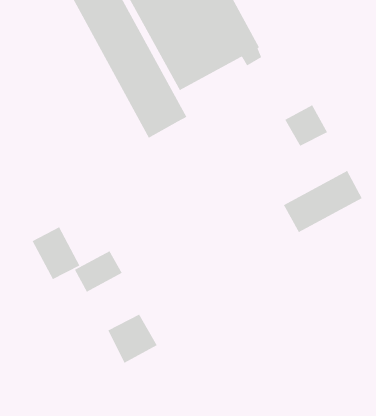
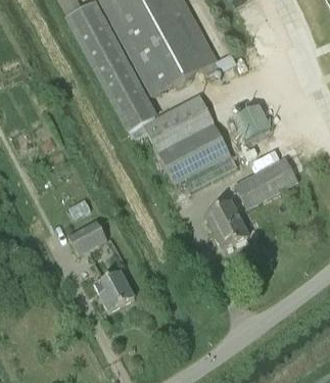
building: none -> [145,94,238,189]
building: none -> [206,200,248,248]
building: [31,226,81,280] -> none

